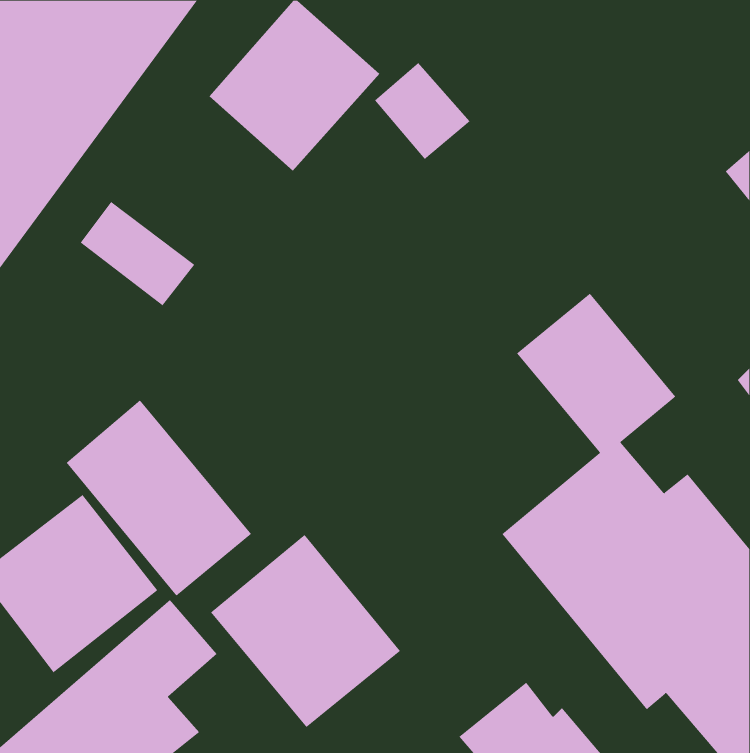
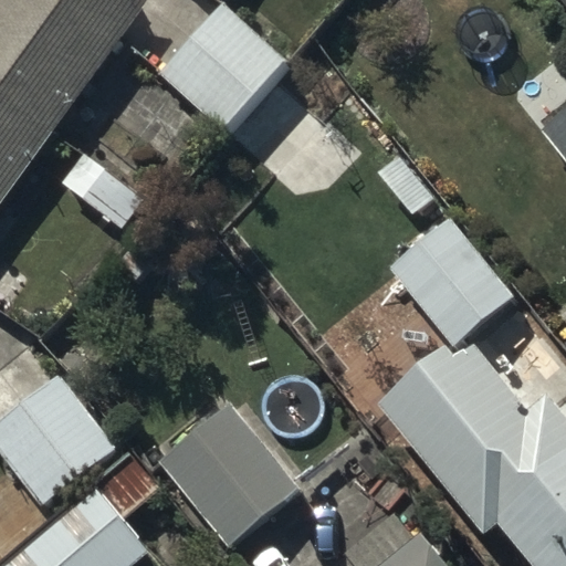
building: [66,400,252,597] -> none

